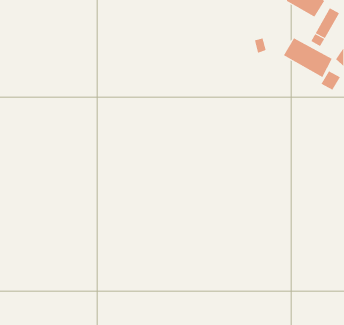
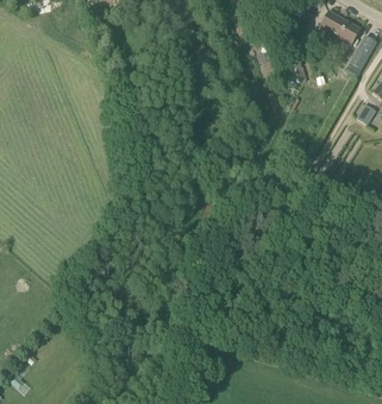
building: [283,38,332,78] -> none

